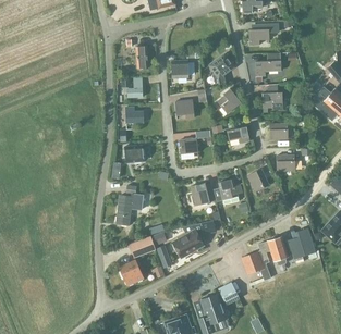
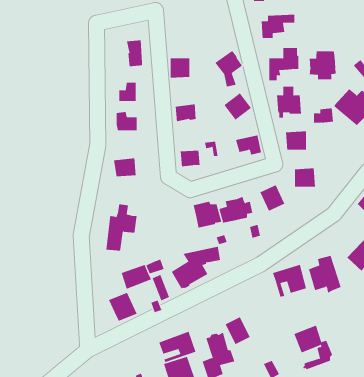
building: none -> [309,51,336,80]
building: [241,250,275,288] -> [294,325,333,370]
building: none -> [159,331,196,363]

